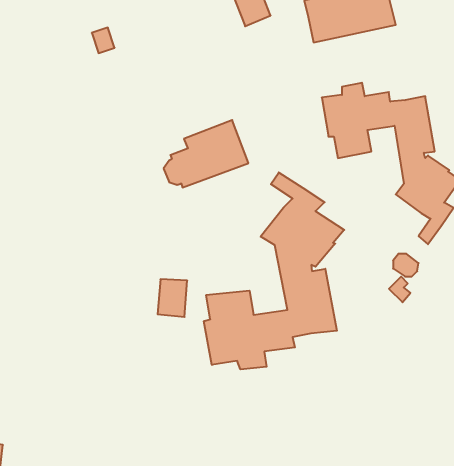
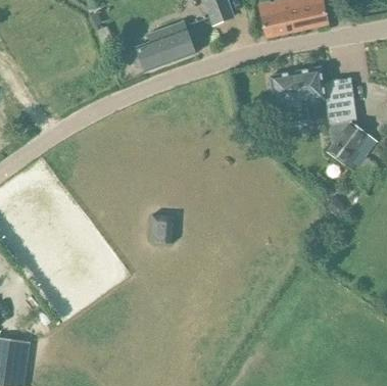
building: [164,120,248,187] -> [132,18,196,69]
building: [204,172,344,369] -> none

